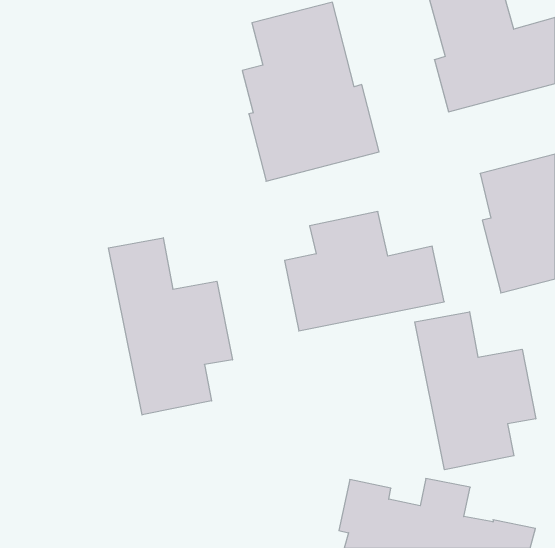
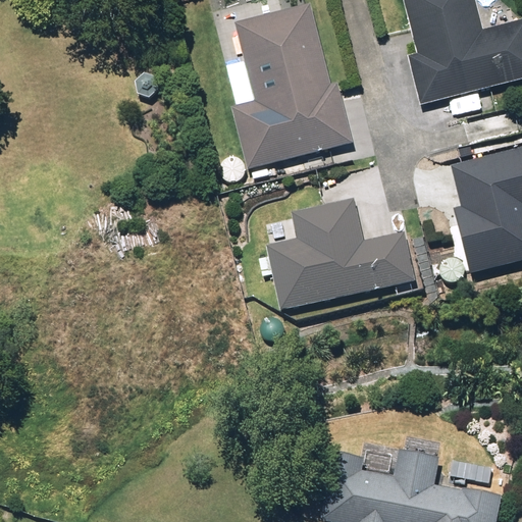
building: [108,238,232,415] -> none
building: [415,312,536,470] -> none

